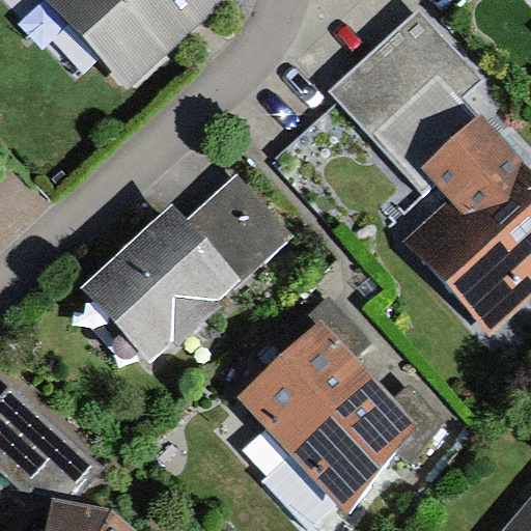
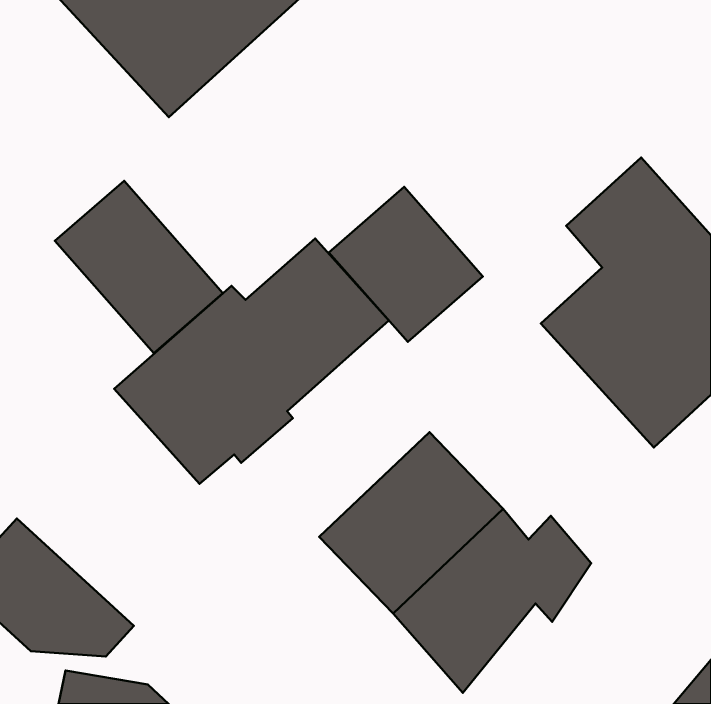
building: [329,7,483,168] -> none
building: none -> [55,181,223,353]
building: none -> [329,187,483,342]

